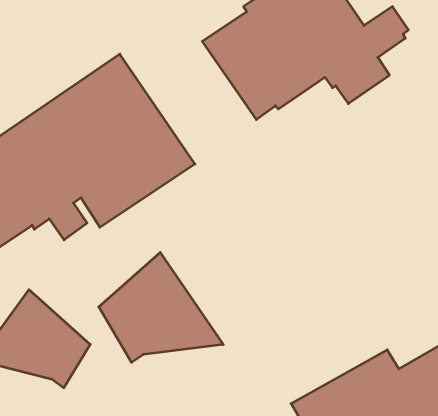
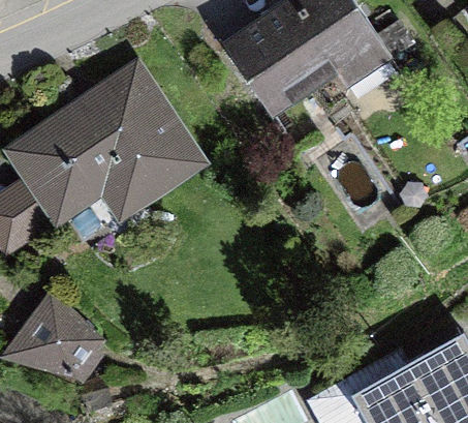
building: [99,252,223,362] -> none

